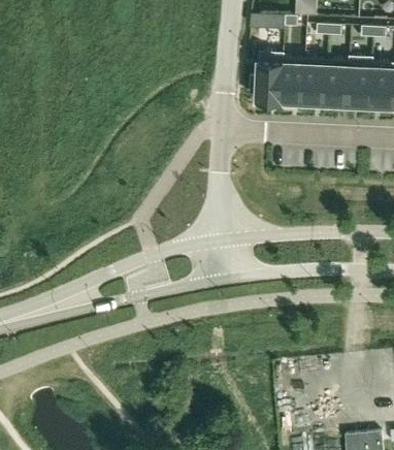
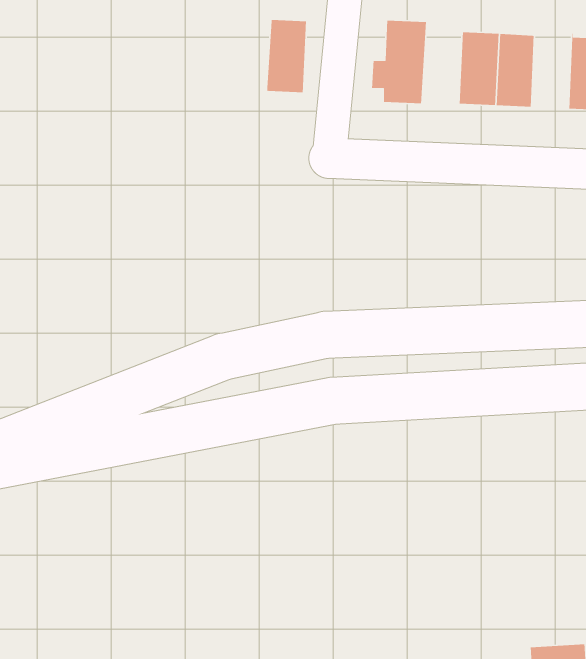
building: [281,53,305,103] -> [266,11,307,93]
building: [348,56,372,106] -> none

